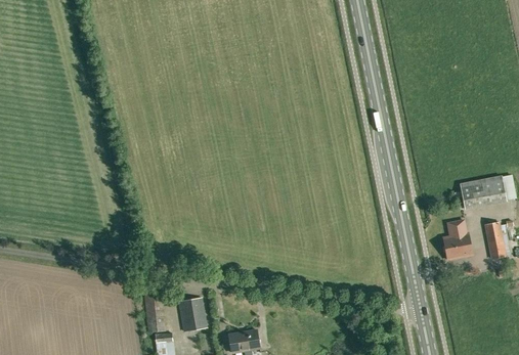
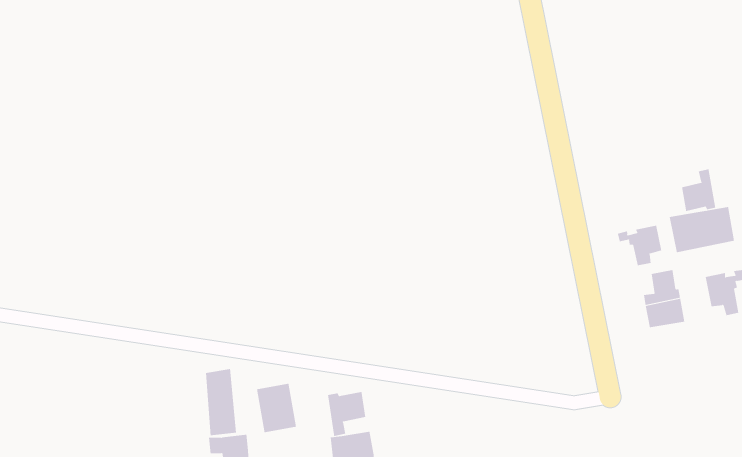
building: none -> [681,168,716,212]
building: none -> [617,225,662,266]
building: none -> [327,391,366,437]

